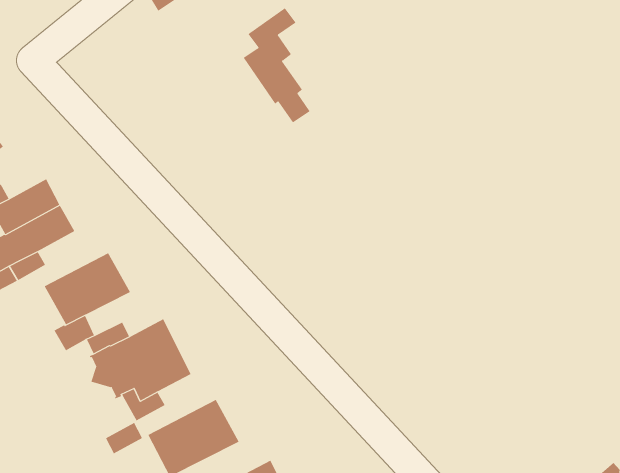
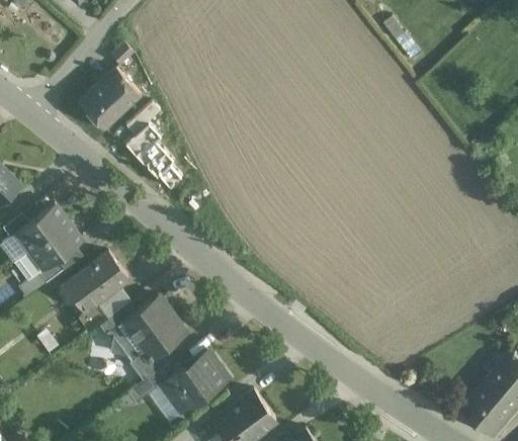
building: [243,7,310,123] -> [124,103,181,189]
building: none -> [78,69,141,131]

